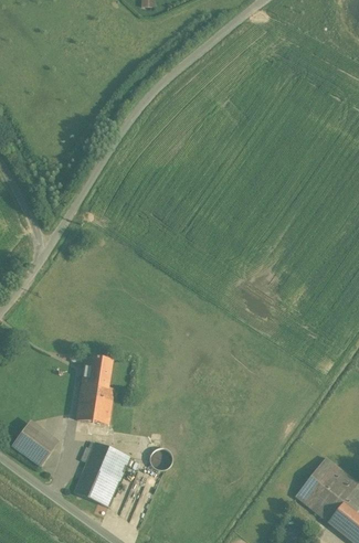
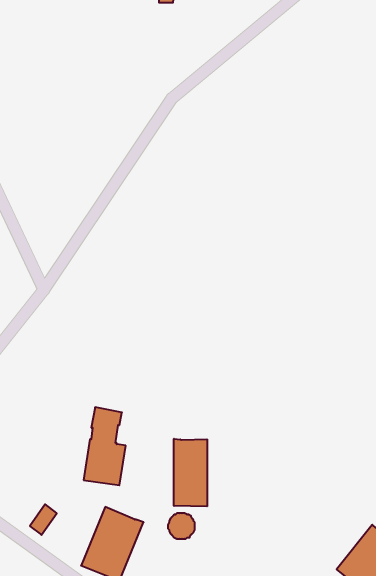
building: none -> [174,439,207,506]
building: [12,428,43,459] -> none

